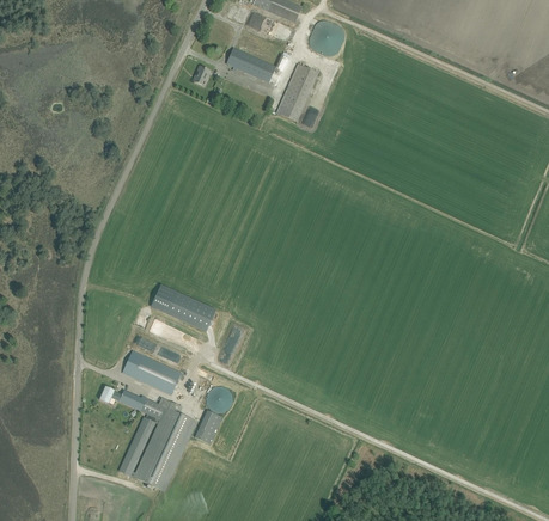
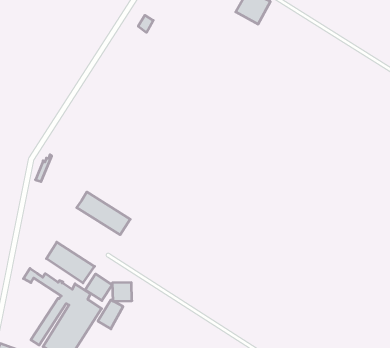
building: [226,48,275,82] -> none
building: [275,63,316,121] -> none
building: none -> [85,274,112,301]

